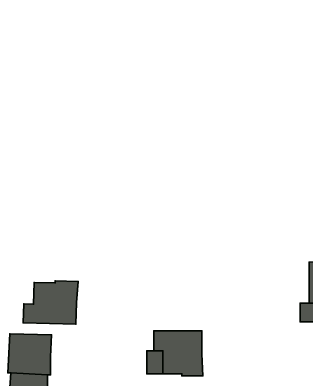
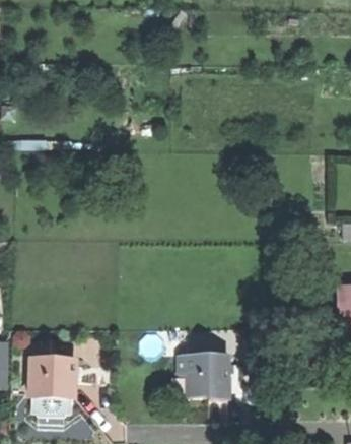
building: [23,281,78,324] -> none

